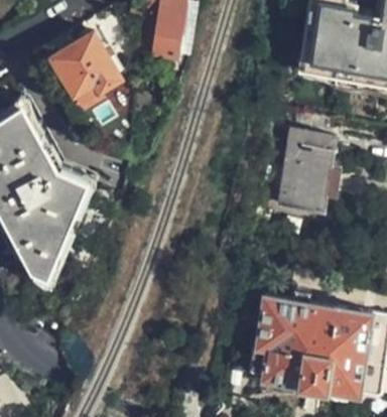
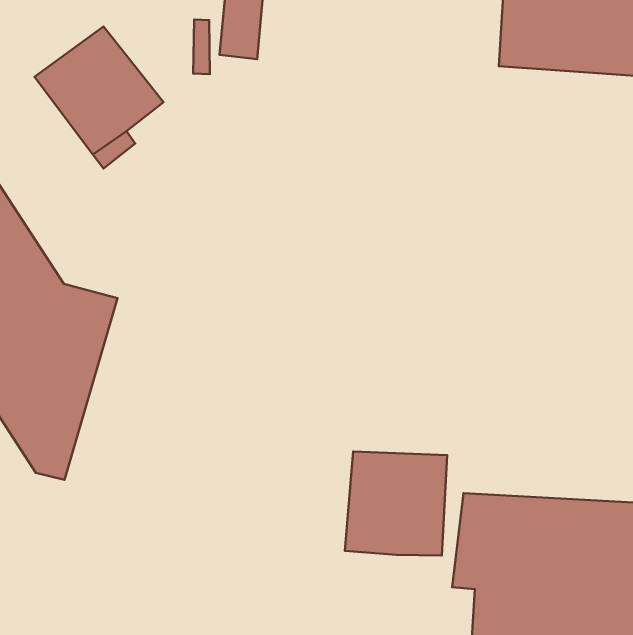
building: [278,134,337,215] -> none
building: none -> [345,451,447,556]

